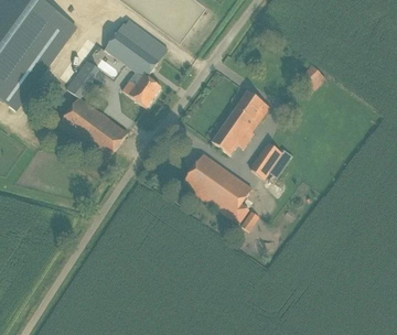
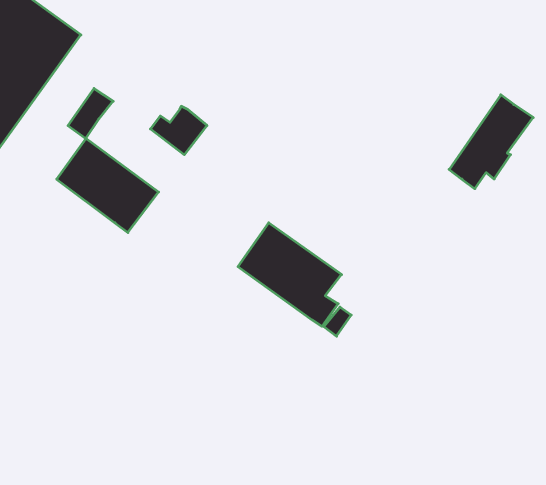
building: [105,22,164,75] -> none
building: [212,89,269,153] -> [449,95,533,189]
building: [250,142,291,177] -> none

